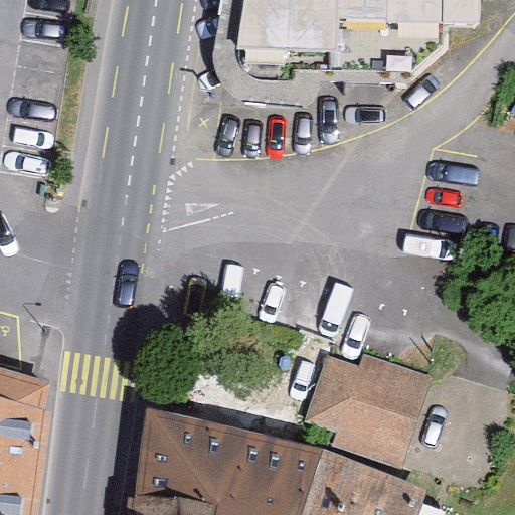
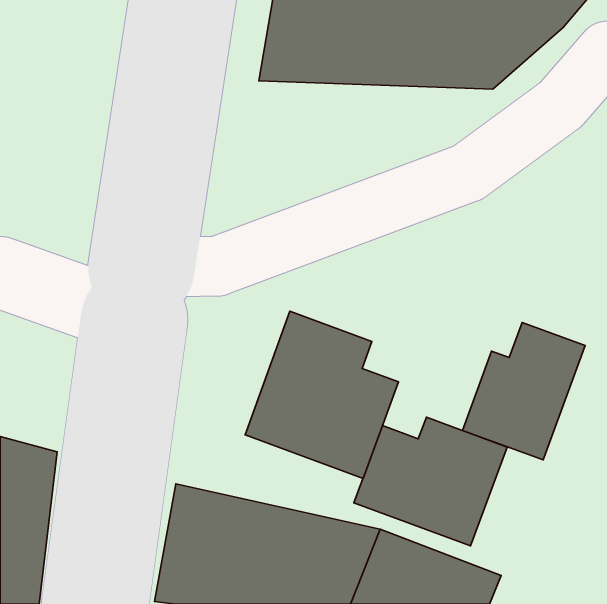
building: none -> [245,311,398,478]
building: none -> [463,322,585,460]

